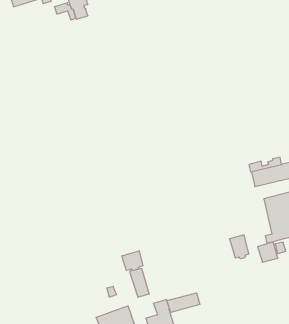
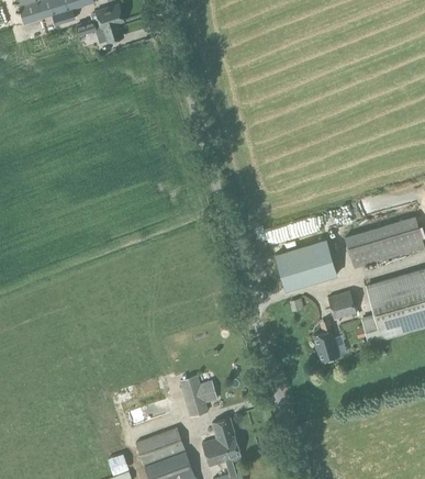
building: none -> [275,238,337,291]
building: [258,242,278,262] -> [328,291,356,319]
building: [122,251,143,270] -> none
building: [167,293,200,312] -> none

